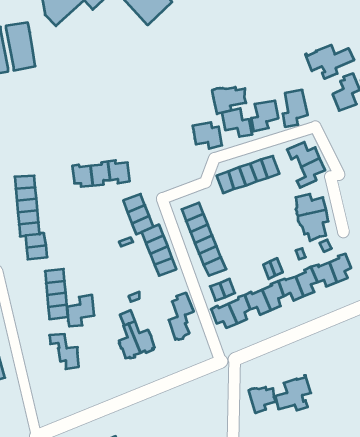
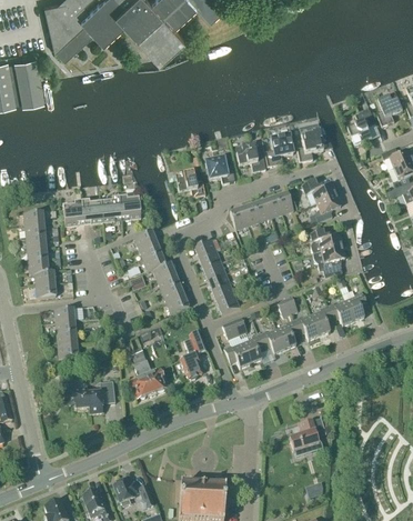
building: [305,45,354,79] -> none
building: [212,87,246,114] -> none
building: none -> [175,170,205,197]
building: none -> [62,199,84,226]
building: [67,295,94,326] -> [88,380,115,412]
building: [249,387,276,413] -> none

